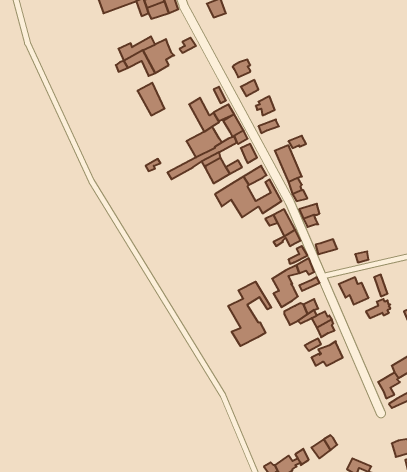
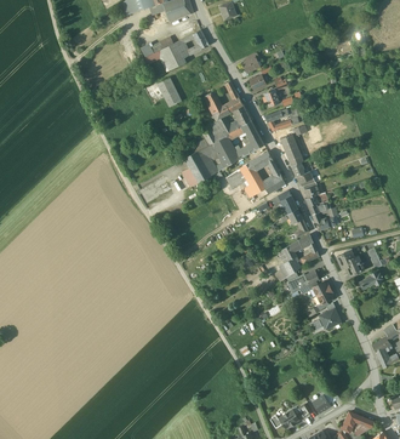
building: none -> [183,153,218,187]
building: [228,282,271,346] -> none

